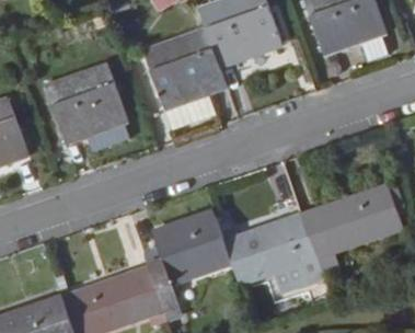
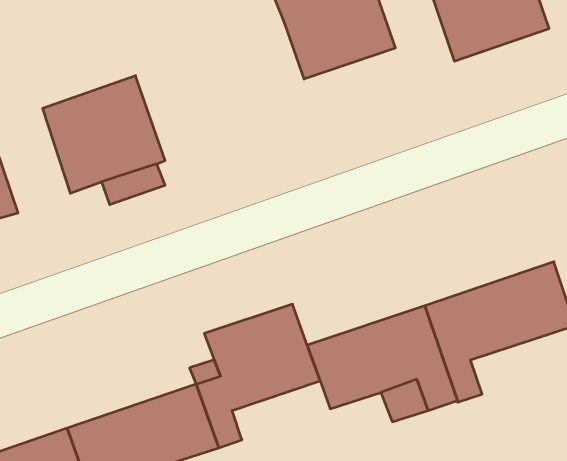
building: [142,26,226,106] -> none

